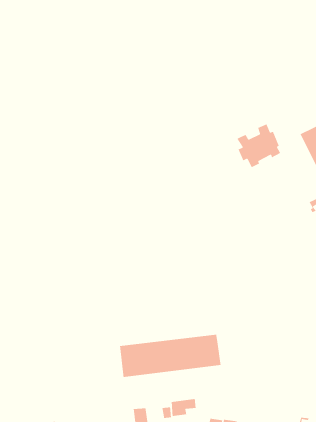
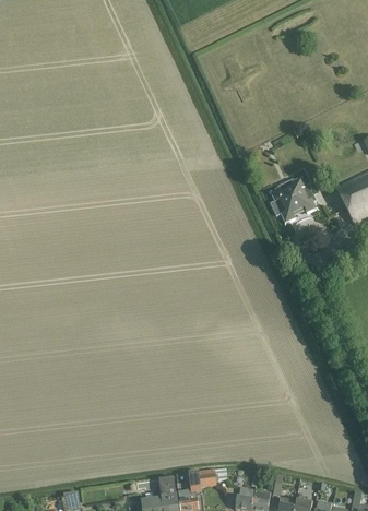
building: [119,334,221,378] -> none

